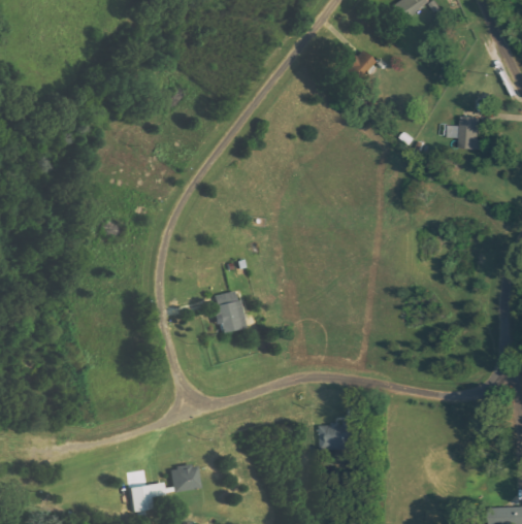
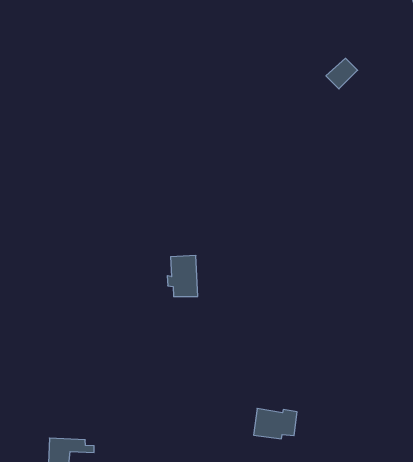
building: [346,51,374,80] -> [326,58,358,89]
building: [170,464,200,492] -> none

